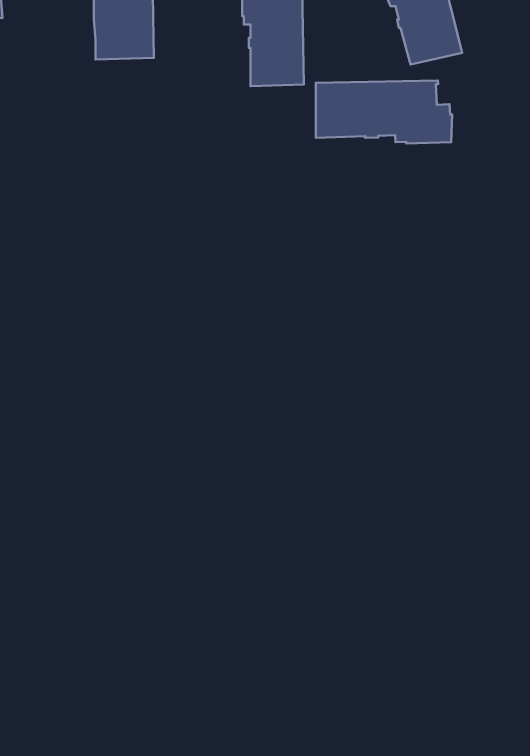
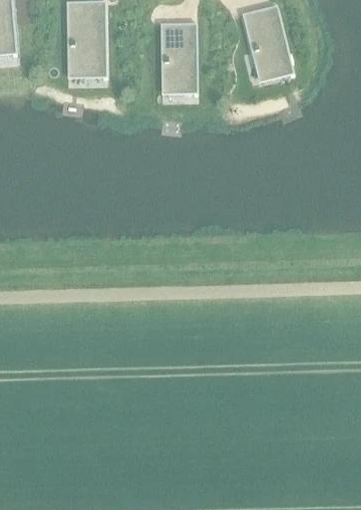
building: [316,81,452,143] -> none

